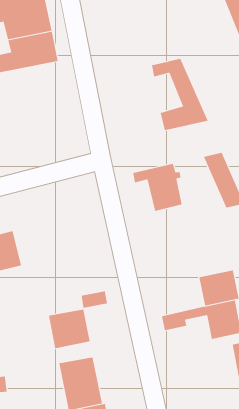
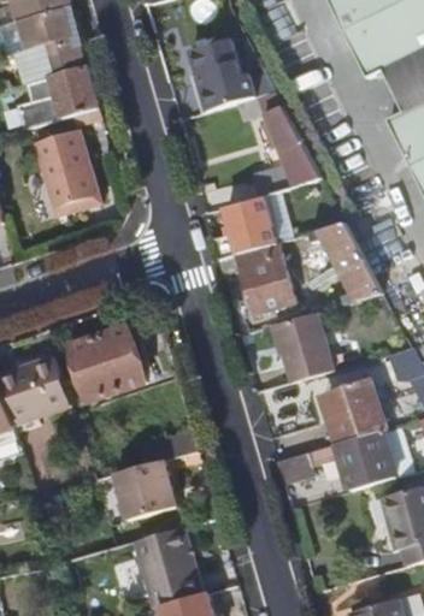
building: none -> [188,38,255,112]
building: none -> [35,129,99,207]
building: none -> [212,195,275,260]
building: none -> [70,326,152,399]
building: none -> [275,312,332,383]

